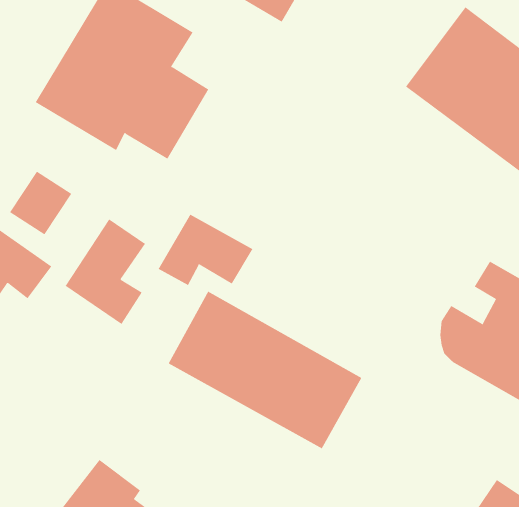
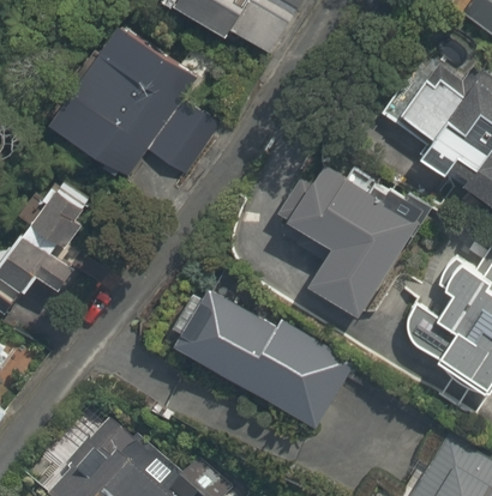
building: none -> [283,165,413,314]
building: [158,214,253,286] -> none
building: [65,218,146,325] -> none

